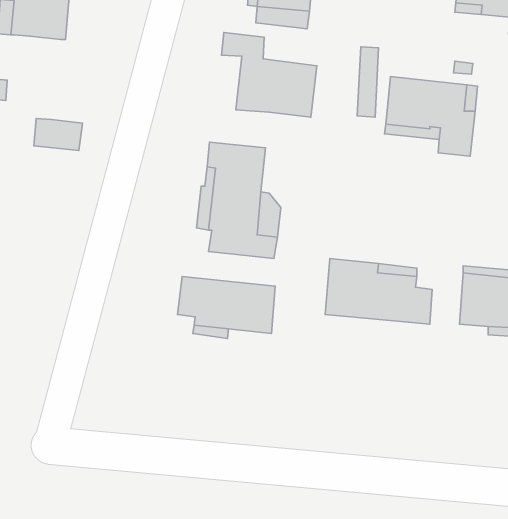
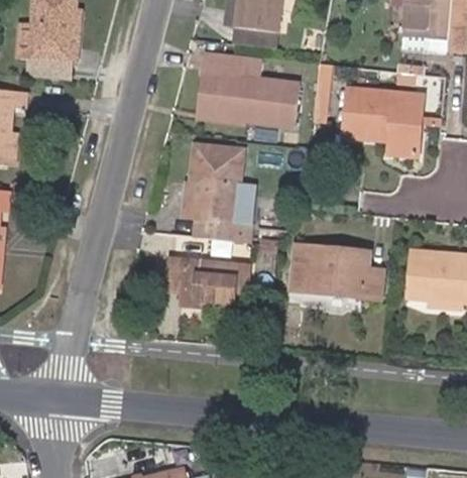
building: none -> [200,70,245,122]
building: [34,118,83,150] -> [27,52,69,80]

